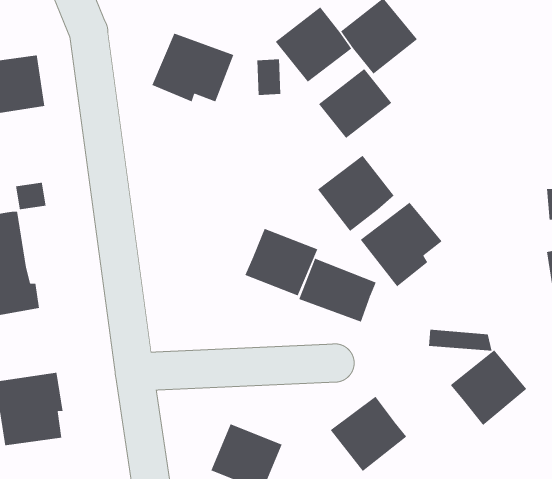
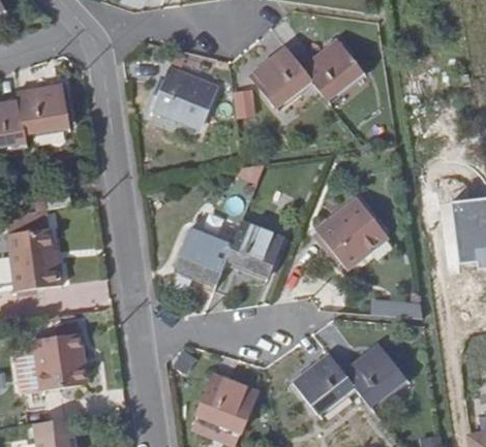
building: [318,68,392,139] -> none
building: [317,155,395,232] -> none
building: none -> [175,228,232,282]
building: [299,258,377,323] -> none
building: [450,350,527,426] -> [344,347,405,407]

